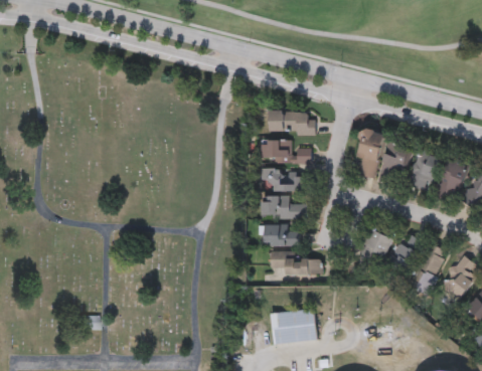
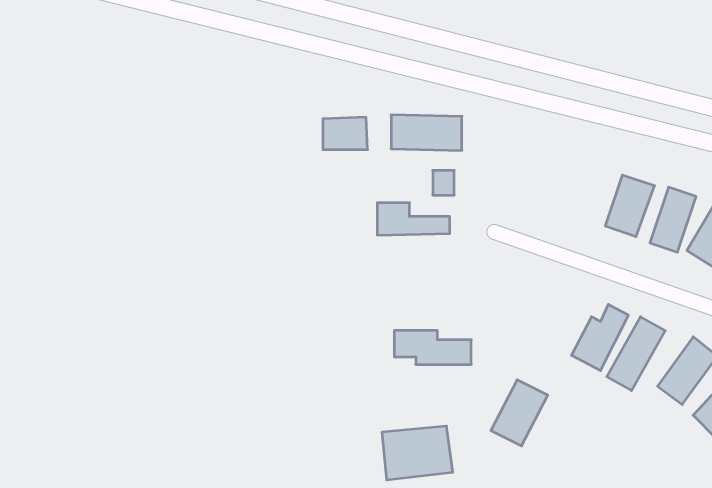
building: [356,128,386,177] -> none
building: [263,139,292,160] -> [323,117,368,150]
building: [381,141,413,184] -> none
building: [262,195,308,218] -> none
building: [265,223,302,245] -> none
building: [357,228,394,271] -> [491,380,548,446]

